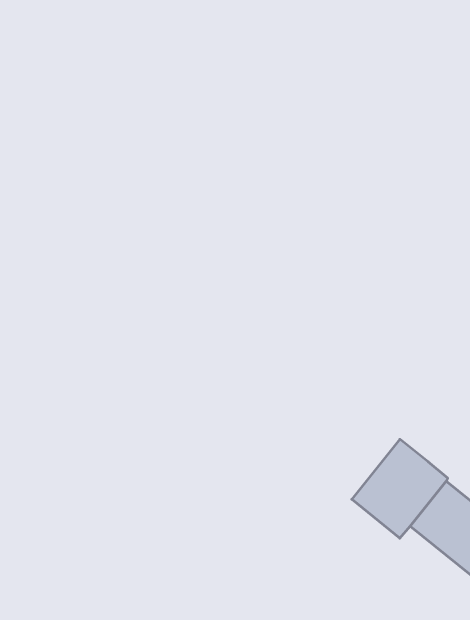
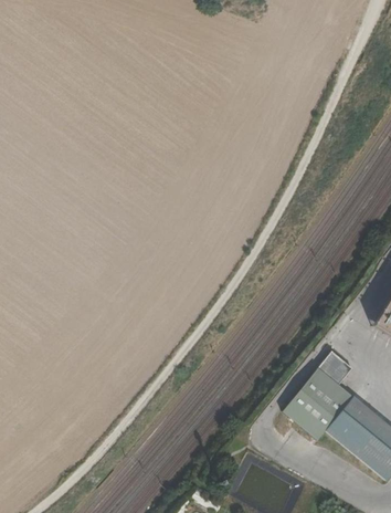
building: none -> [319,349,353,383]

